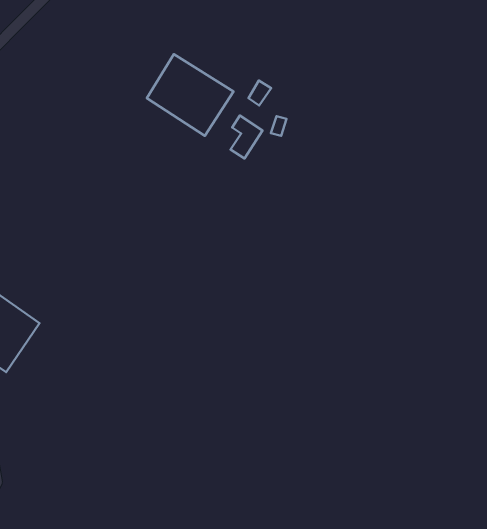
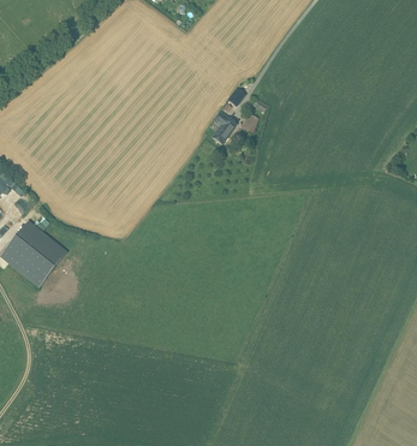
building: [147,54,233,136] -> none

